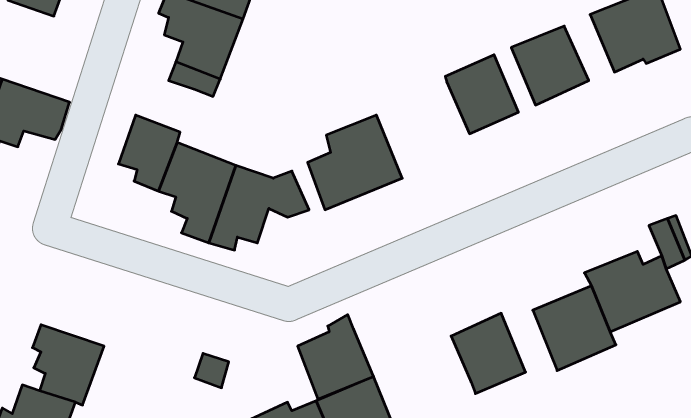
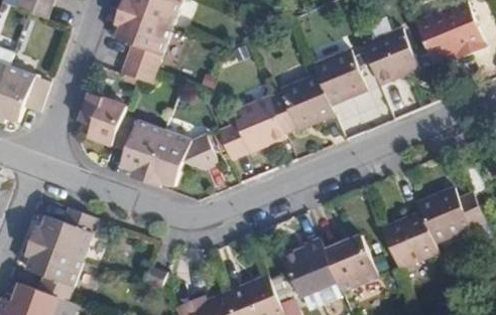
building: none -> [284,69,337,125]
building: none -> [33,204,93,255]
building: [298,315,374,399] -> [282,238,336,297]

